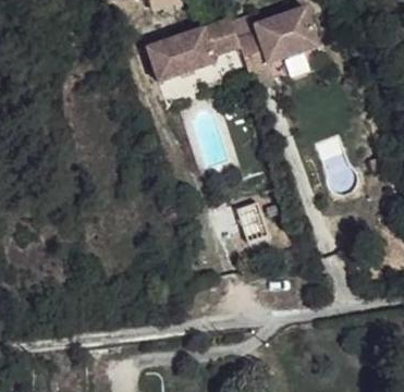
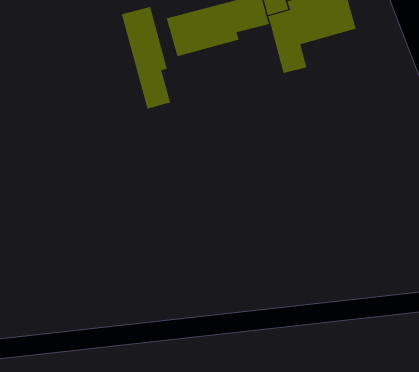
building: none -> [121,6,171,109]

